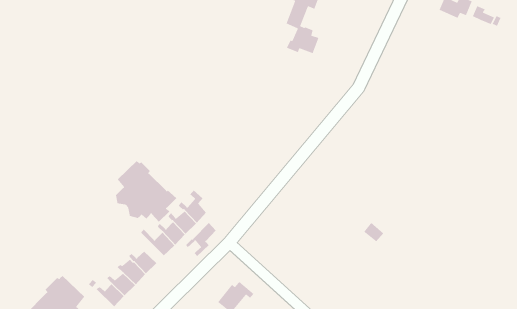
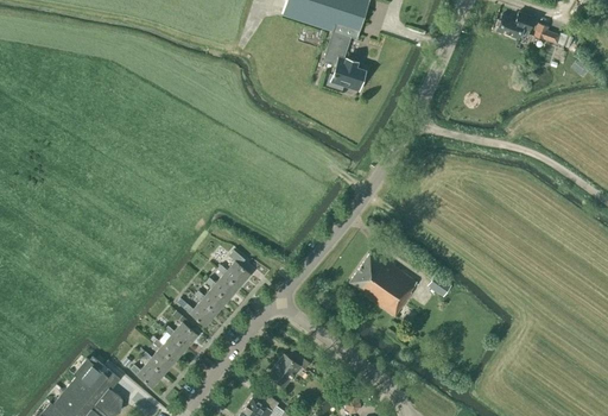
building: [115,160,177,223] -> none
building: none -> [350,252,417,317]
building: [185,222,217,257] -> none

